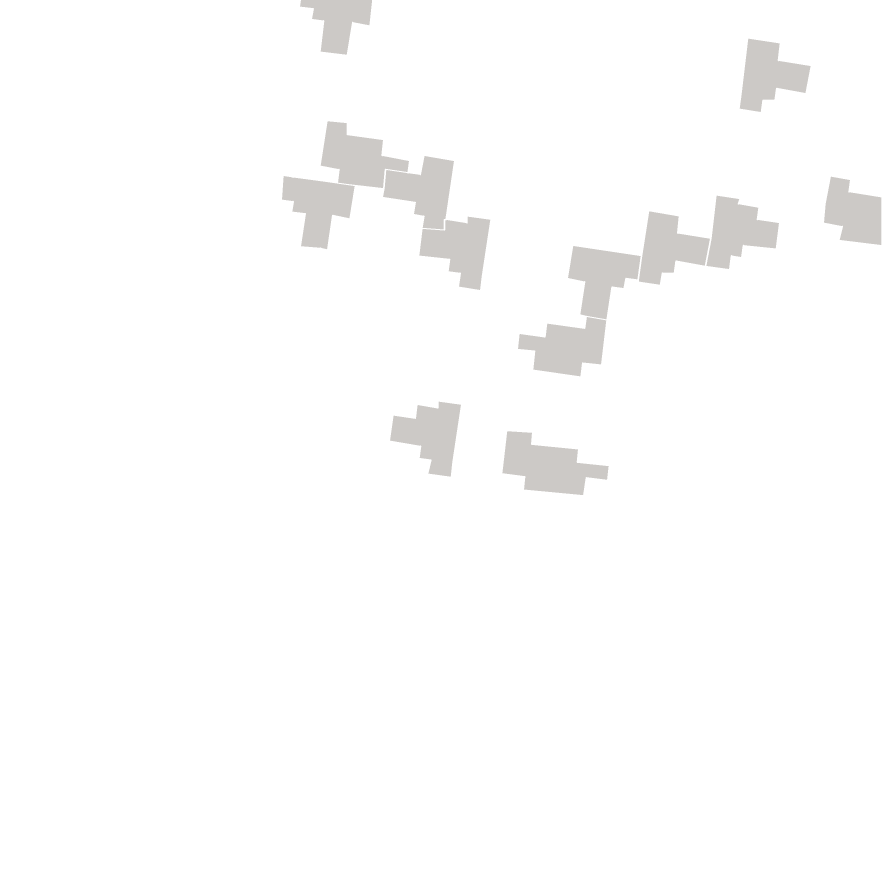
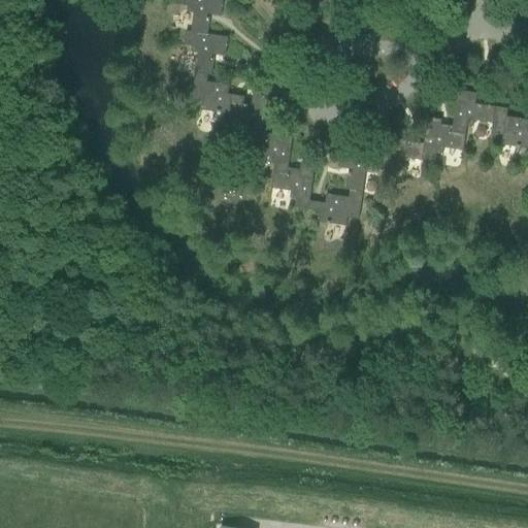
building: [739,38,811,112] -> [452,89,495,133]
building: [281,176,355,250] -> [184,30,228,74]
building: [389,401,462,477] -> [271,163,315,208]
building: [502,430,609,496] -> none

